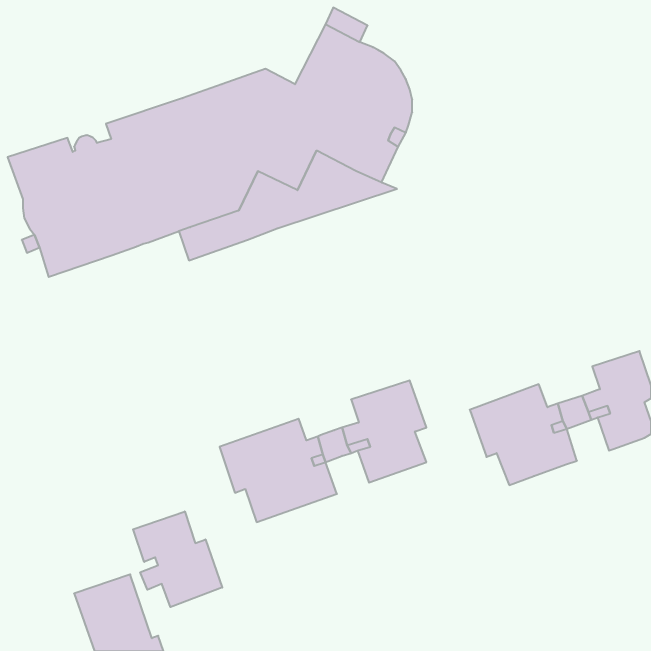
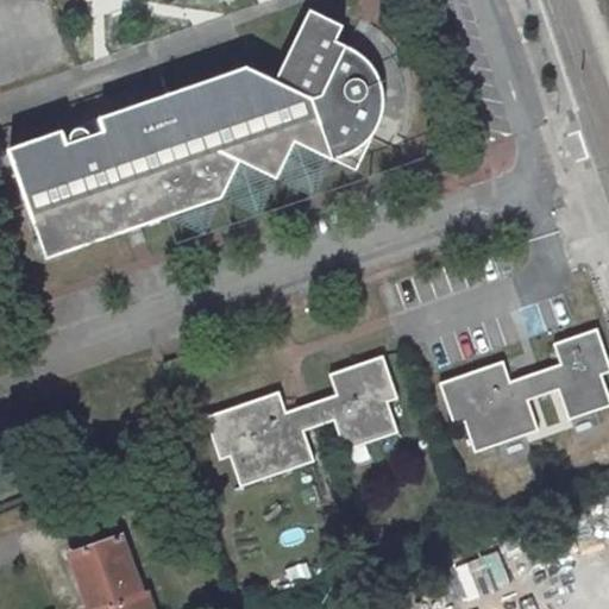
building: [133,511,222,607] -> none

